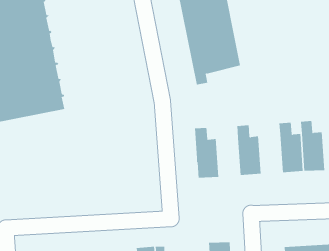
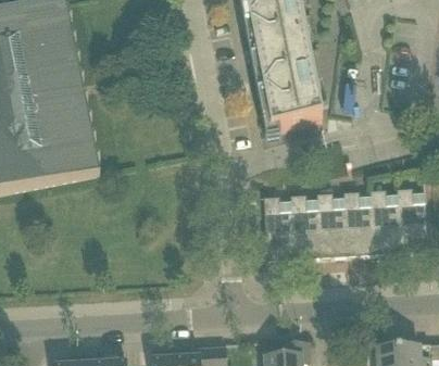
building: none -> [343,189,374,253]
building: none -> [290,192,321,257]

